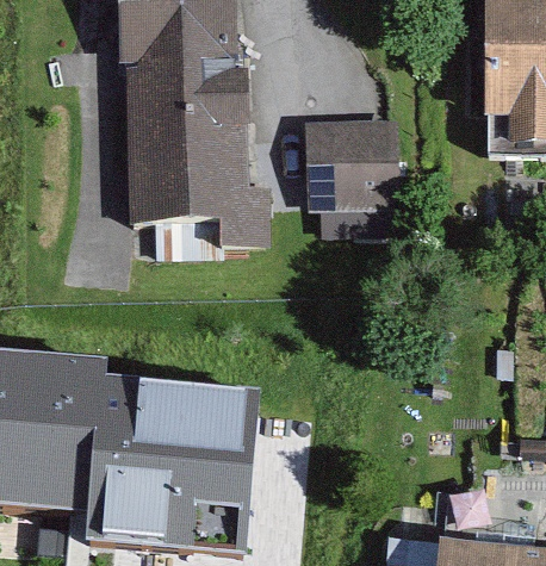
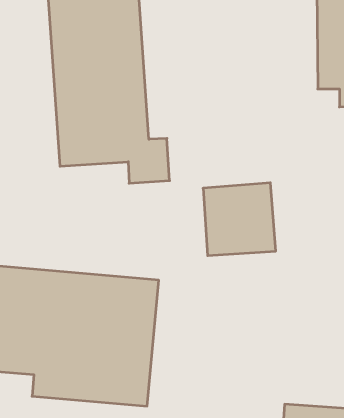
building: [311,122,408,218] -> [203,183,276,256]

